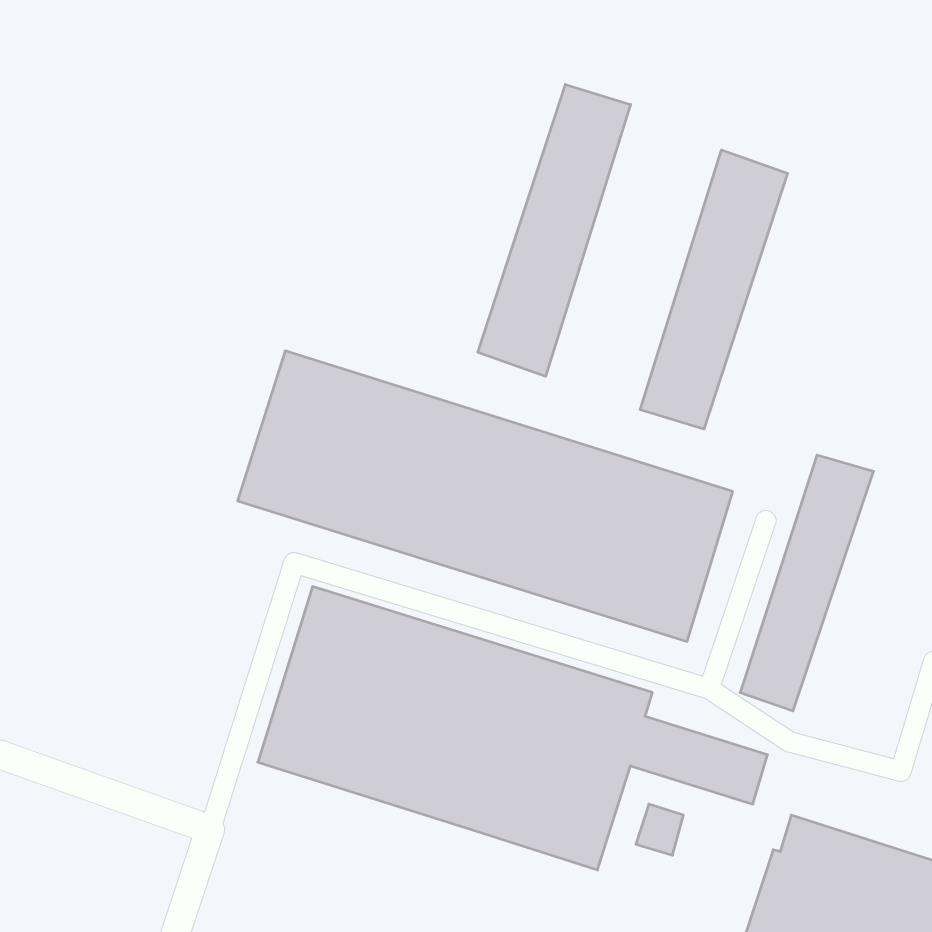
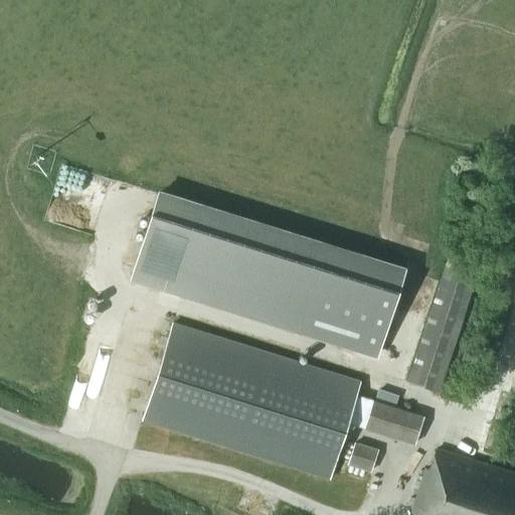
building: [478,84,631,376] -> none
building: [640,150,788,429] -> none

